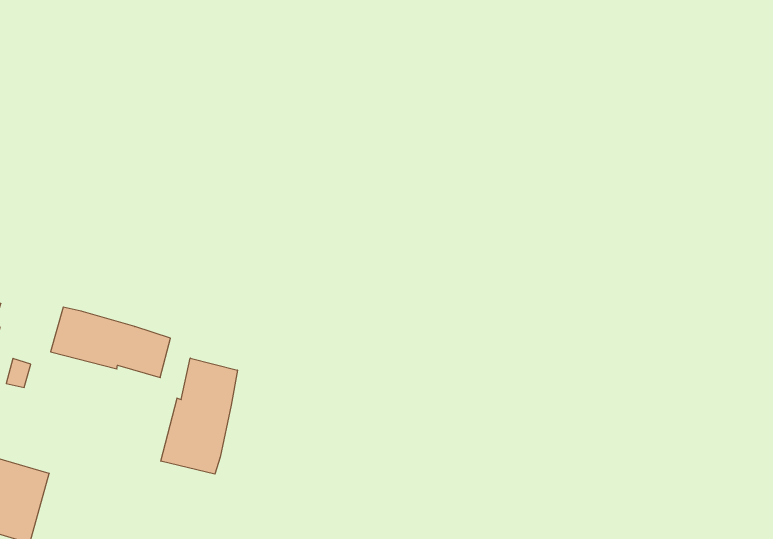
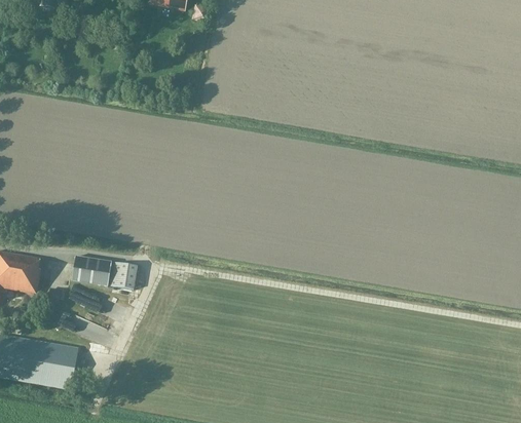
building: [161,358,237,474] -> none

